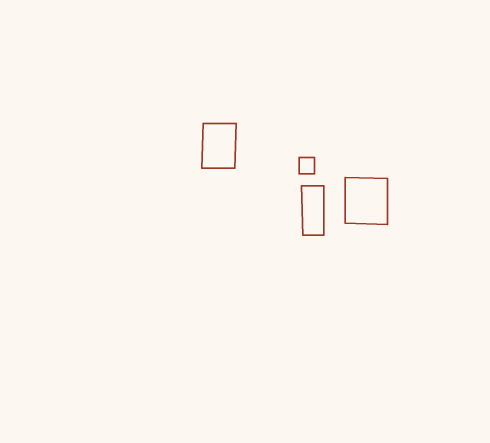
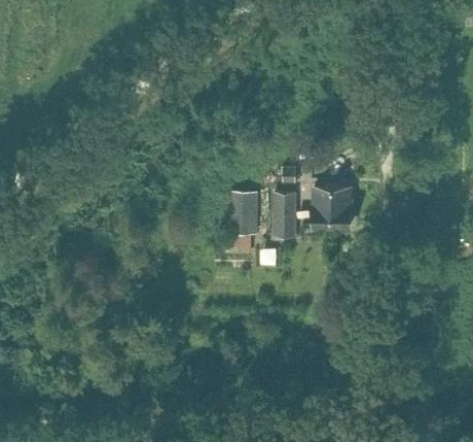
building: [202,124,236,168] -> [227,194,257,233]

